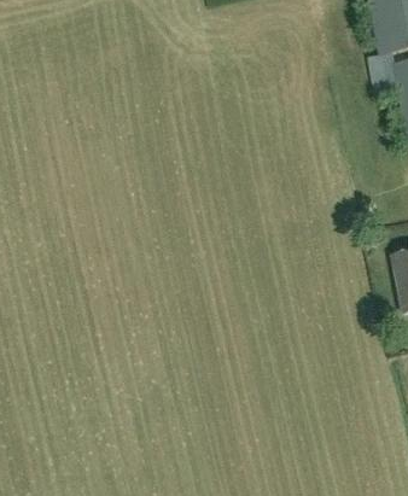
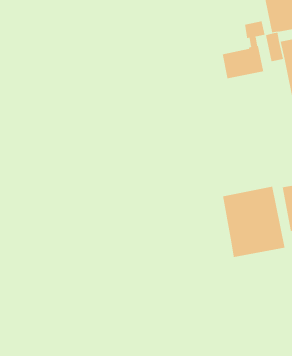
building: none -> [222,21,265,79]
building: none -> [222,186,285,258]

